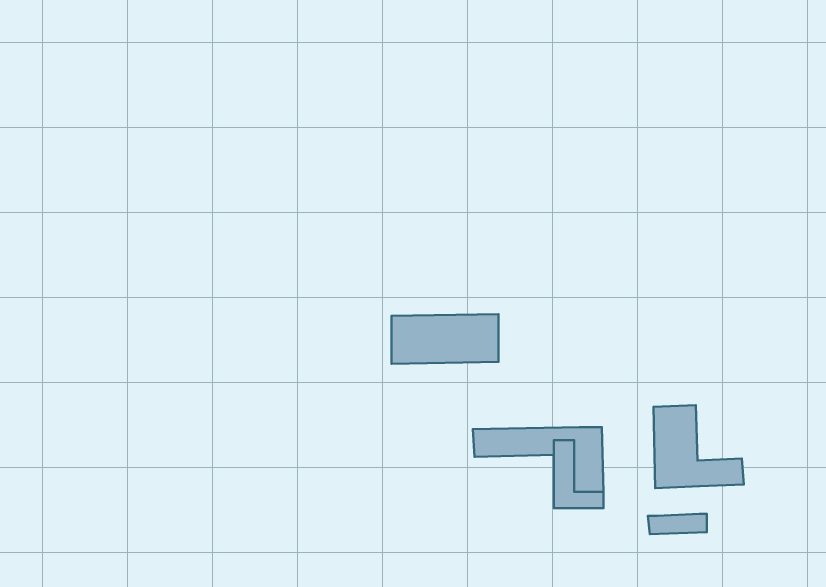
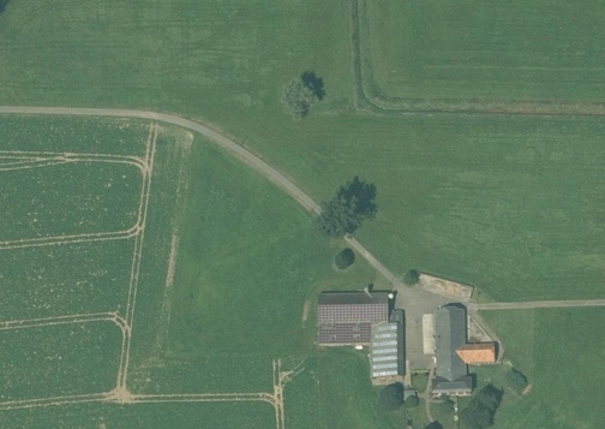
building: [392,314,498,364] -> [317,292,387,324]
building: none -> [436,362,465,381]

